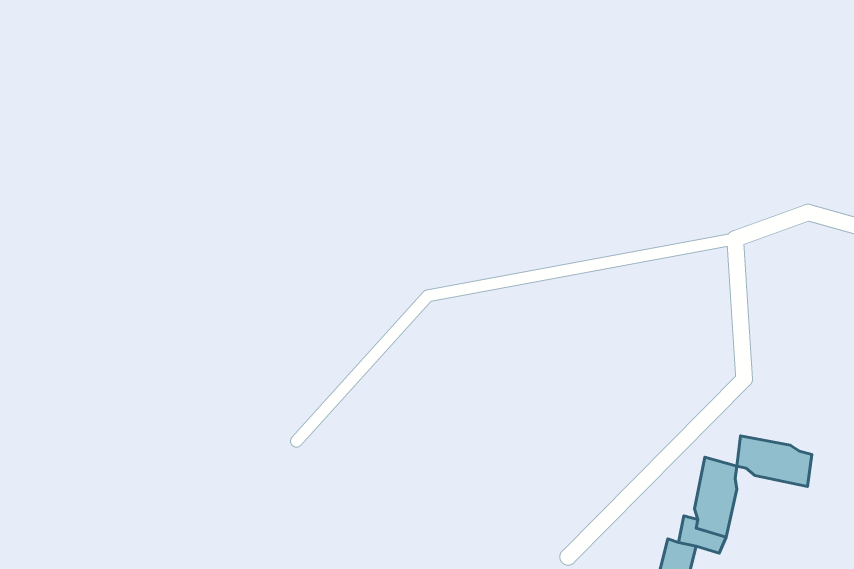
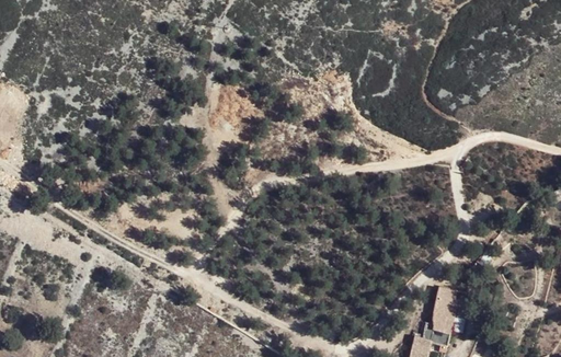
building: [737,436,812,486] -> none

